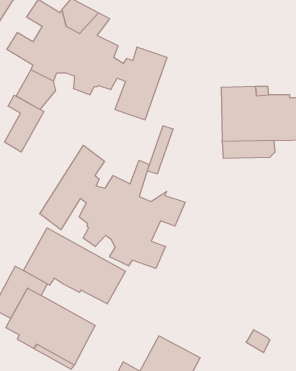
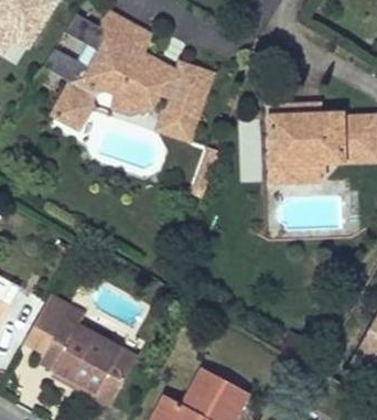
building: [5,95,44,152] -> none
building: [40,145,185,268] -> none
building: [24,228,126,304] -> none

